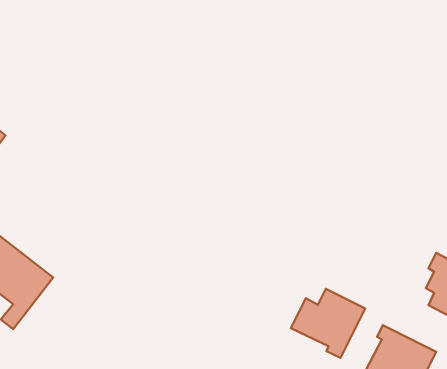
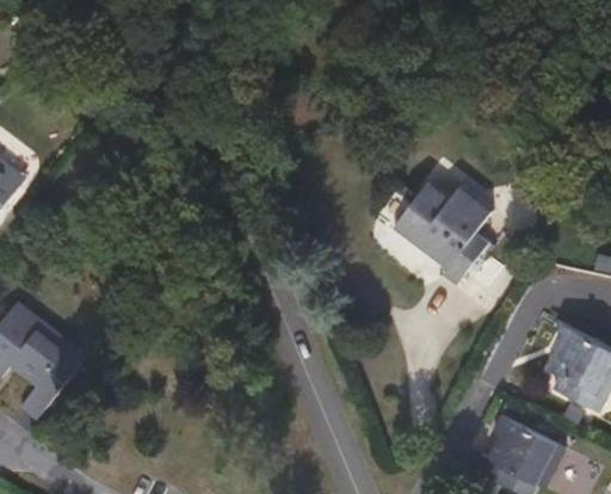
building: none -> [395,179,493,282]
building: [291,289,365,358] -> none

